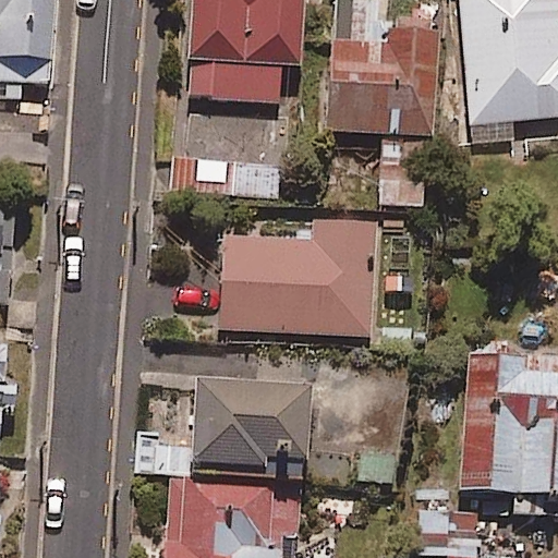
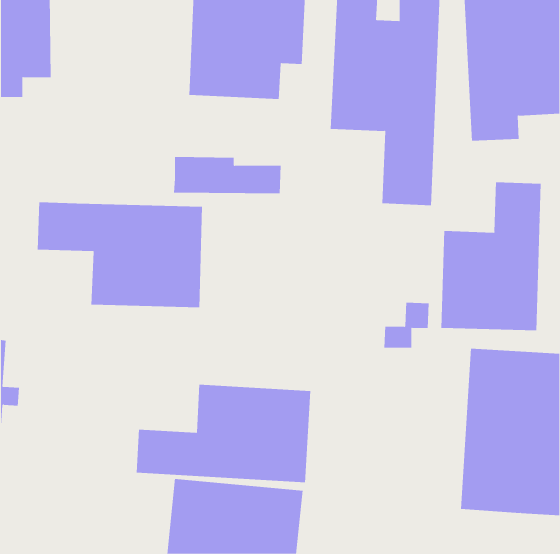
building: none -> [441,182,541,331]
building: none -> [37,202,203,308]
building: [222,218,375,332] -> none

